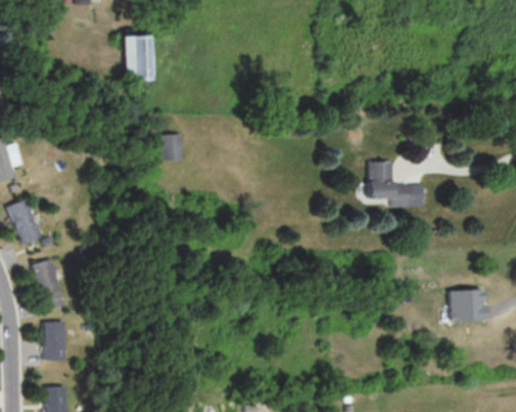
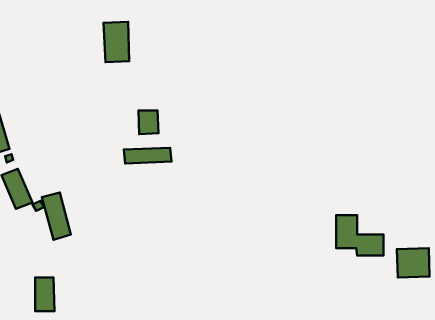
building: [369,162,422,207] -> [336,215,384,255]
building: none -> [124,148,172,163]
building: [32,258,64,311] -> [42,192,71,240]

